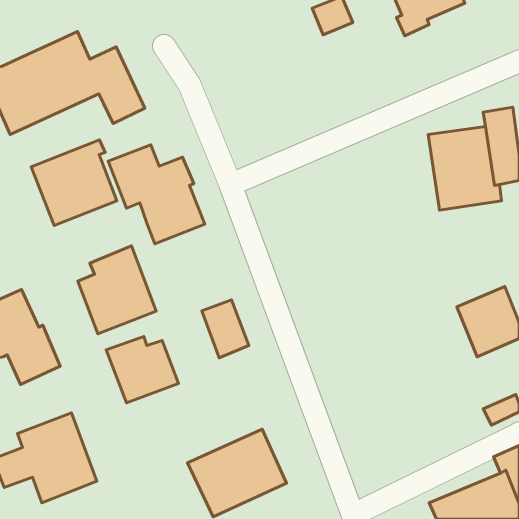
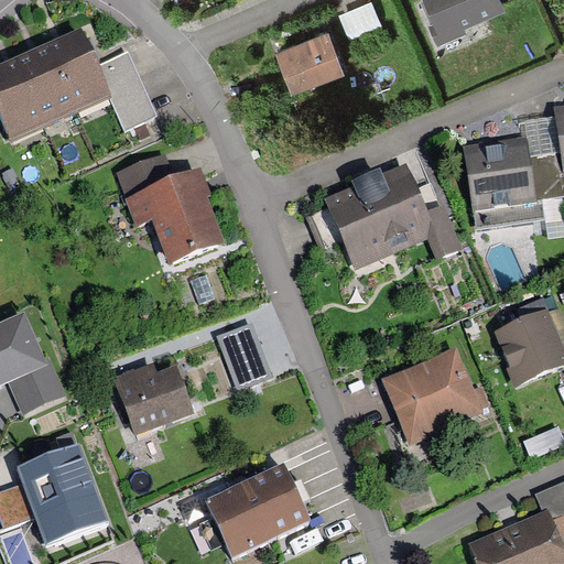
building: none -> [274,22,345,86]
building: [31,140,117,226] -> none
building: none -> [304,165,460,271]
building: [78,246,156,334] -> none
building: none -> [381,349,487,446]

